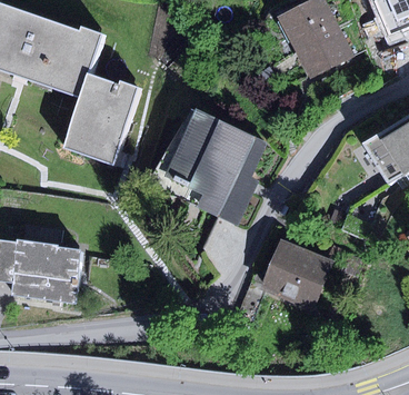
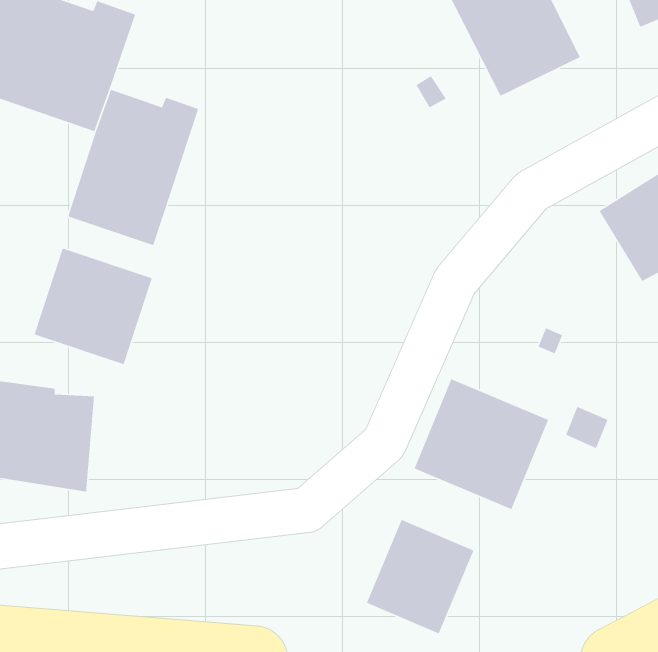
building: [166,111,266,225] -> none
building: none -> [34,247,153,365]
building: none -> [366,519,475,635]

